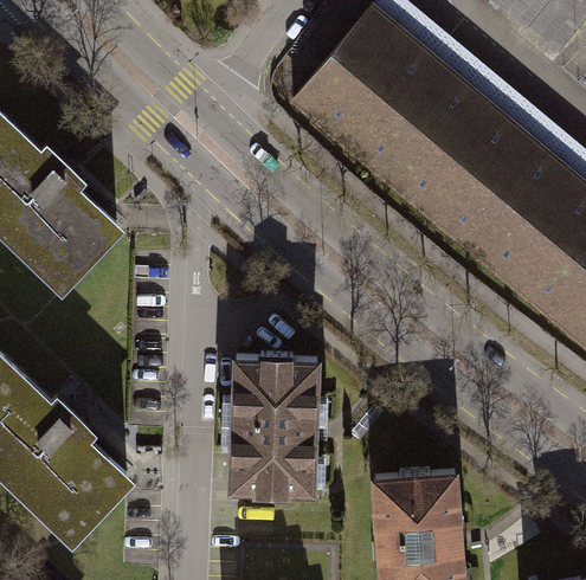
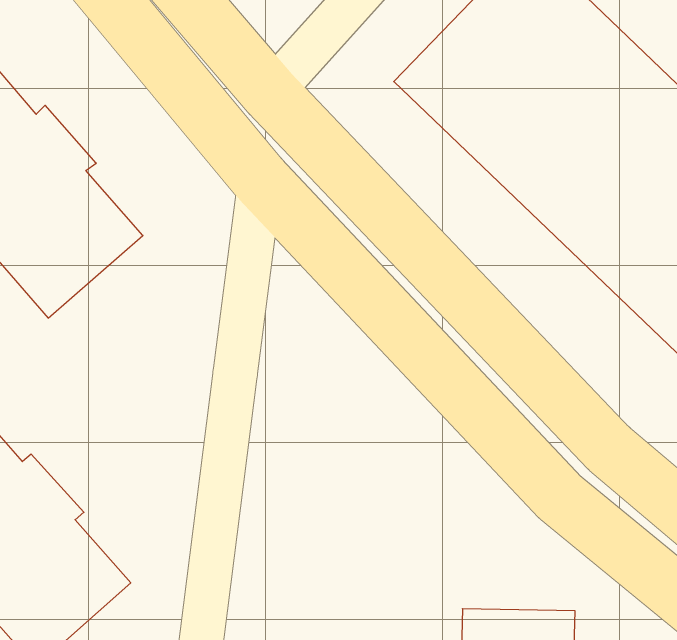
building: [227,361,320,500] -> none

